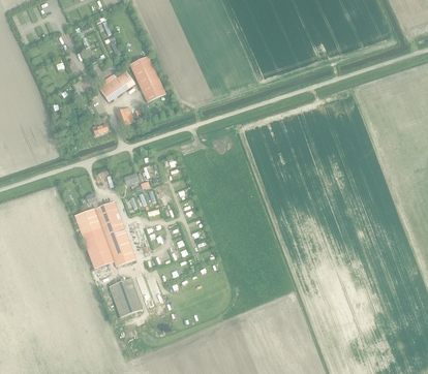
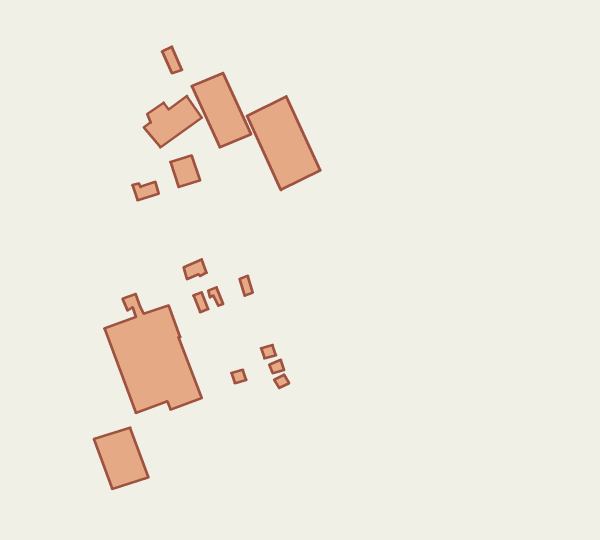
building: none -> [247,96,320,190]
building: [109,278,143,316] -> [94,428,148,489]

